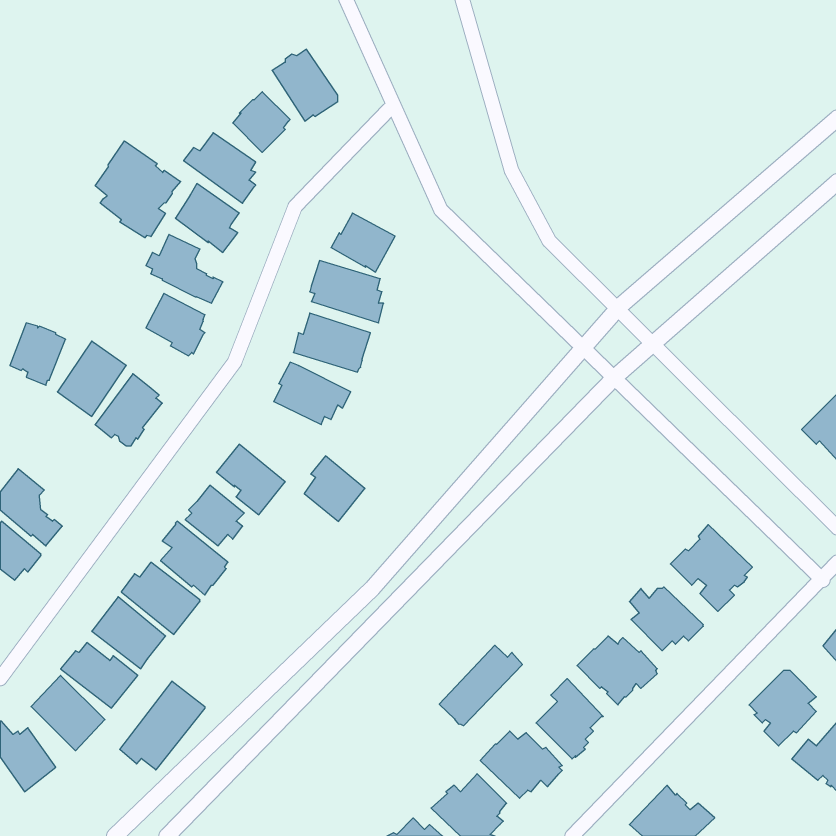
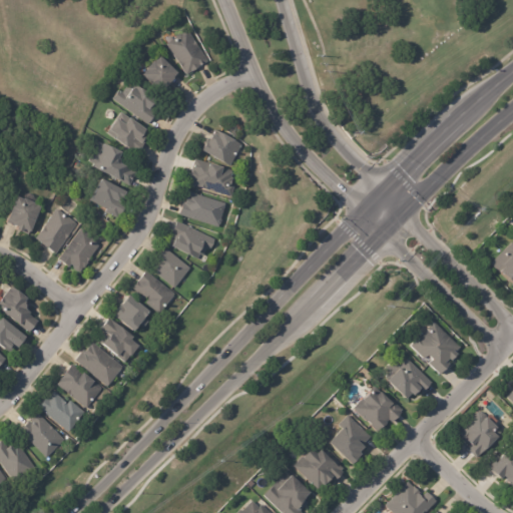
building: [95,141,181,238] -> none
building: [304,456,365,521] -> [153,248,190,289]
building: [439,645,522,726] -> none
building: [120,681,205,770] -> none

